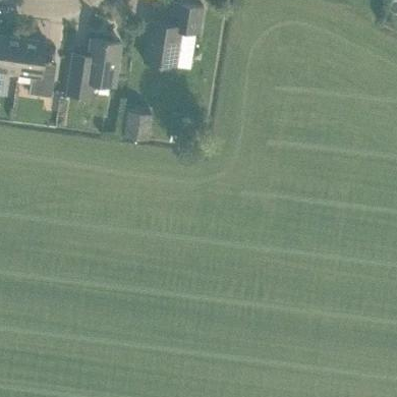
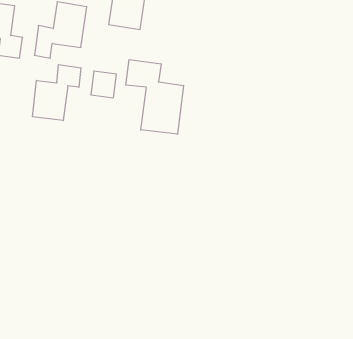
building: none -> [126,60,183,134]
building: none -> [33,65,81,121]

